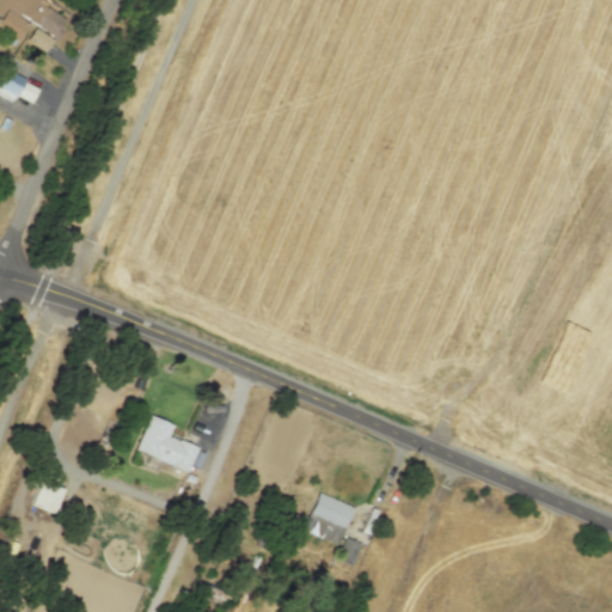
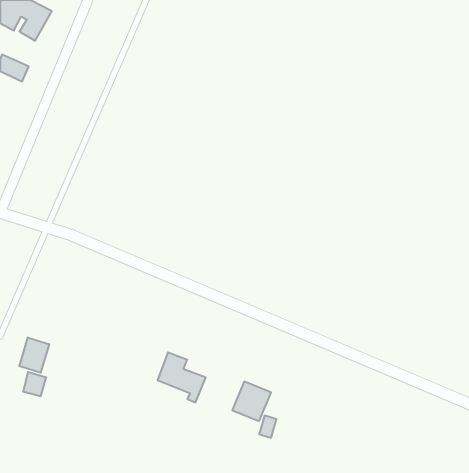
building: [137,415,200,479] -> [158,352,206,402]
building: none -> [19,337,49,373]

